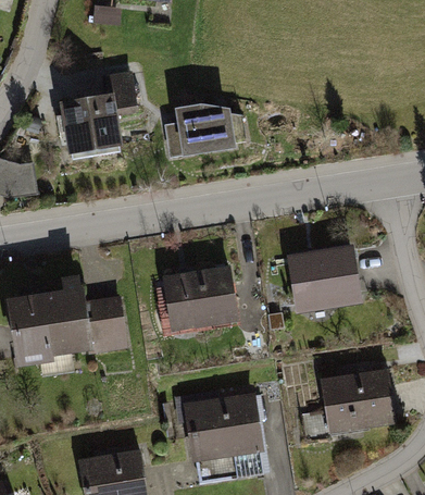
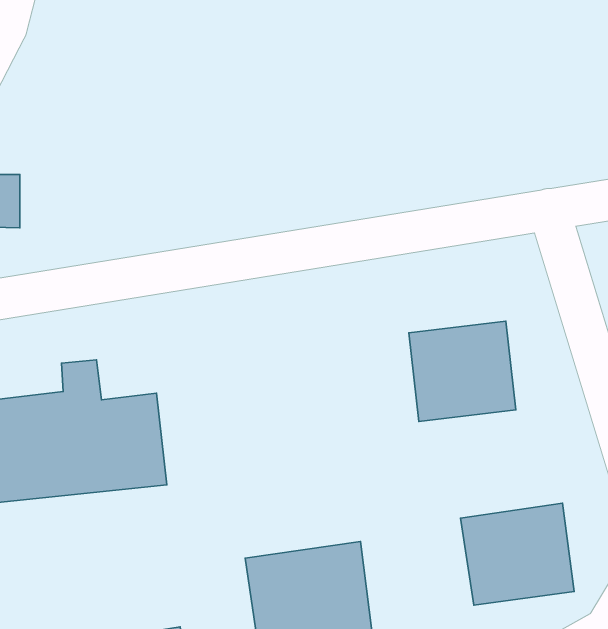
building: [58,73,137,156] -> none
building: [164,104,237,160] -> none
building: [162,269,237,334] -> none

